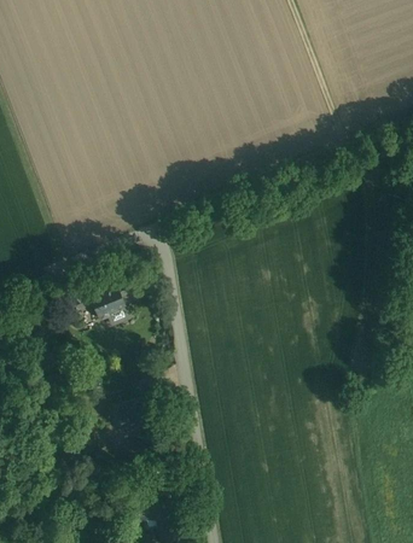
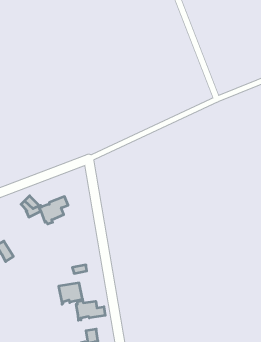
building: none -> [76,300,105,320]

